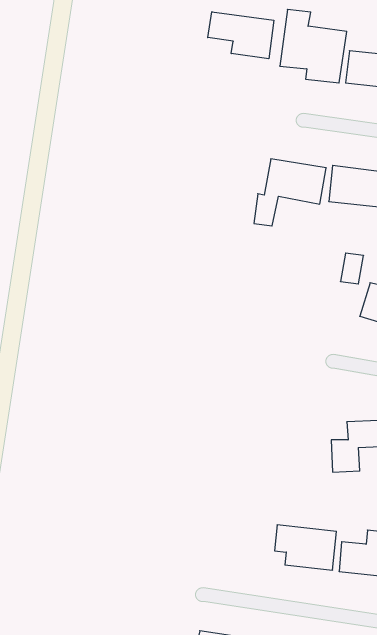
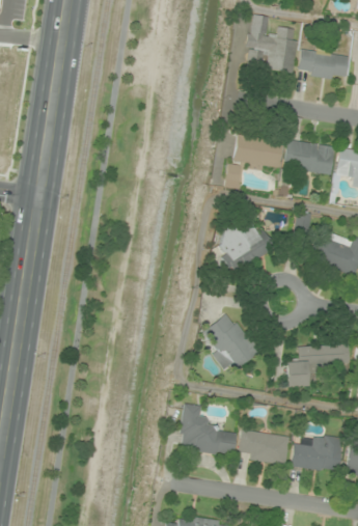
building: [208,12,274,59] -> none
building: none -> [215,223,275,268]
building: none -> [199,310,259,369]
building: none -> [177,404,238,455]

